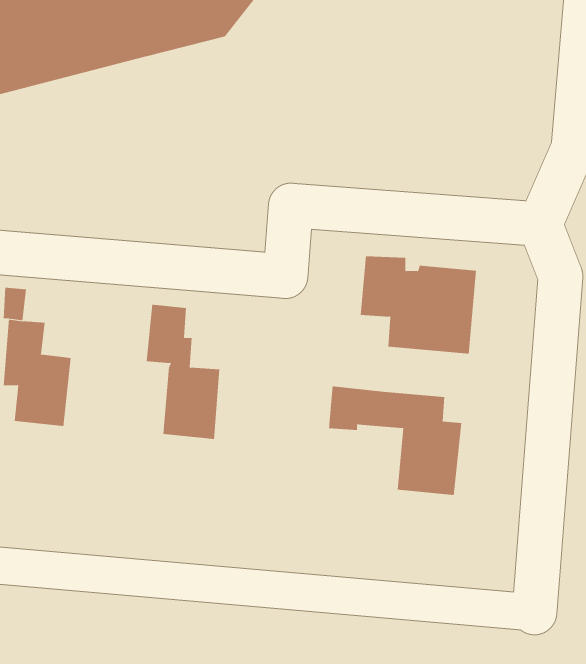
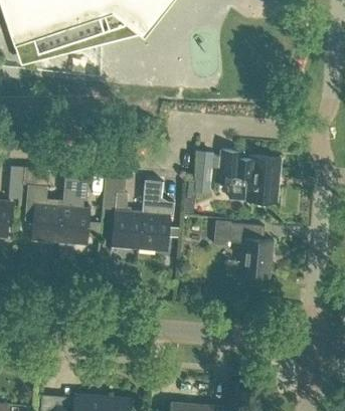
building: none -> [186,152,212,197]
building: none -> [58,178,91,245]
building: none -> [140,179,174,251]

